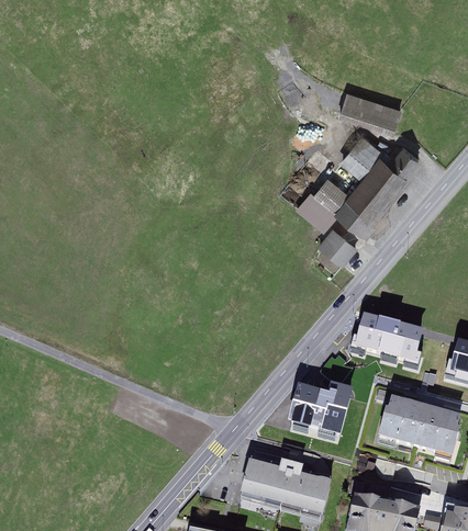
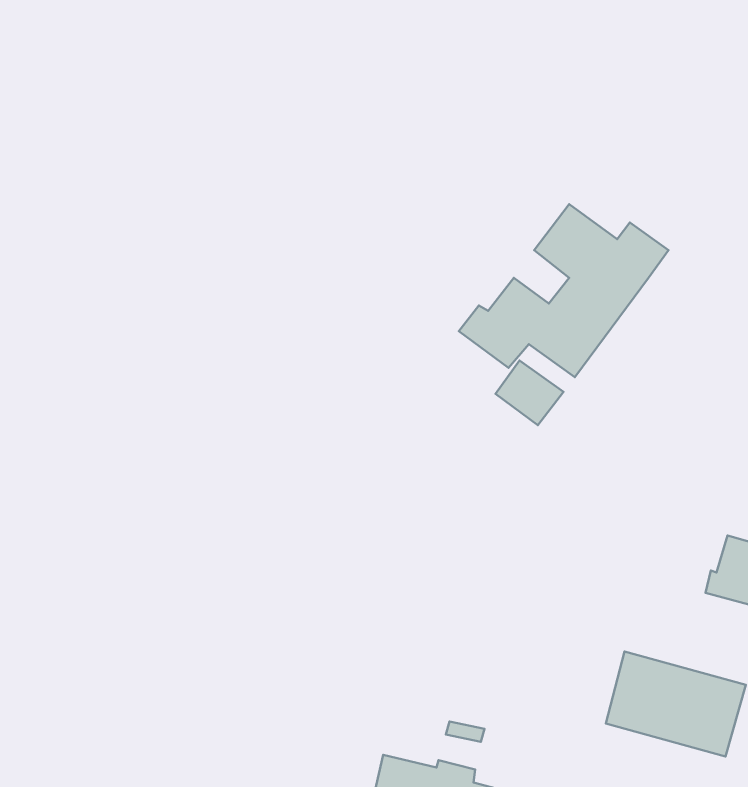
building: [337,88,401,132] -> none
building: [347,303,420,357] -> none
building: [285,379,353,438] -> none

